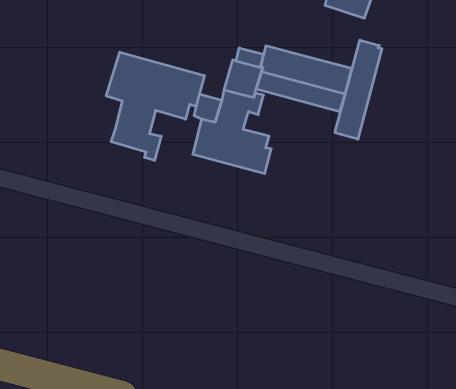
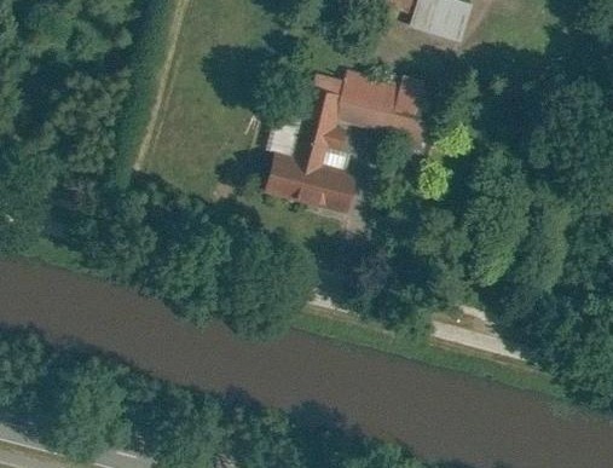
building: [335,40,382,139] -> none
building: [106,52,205,161] -> none

